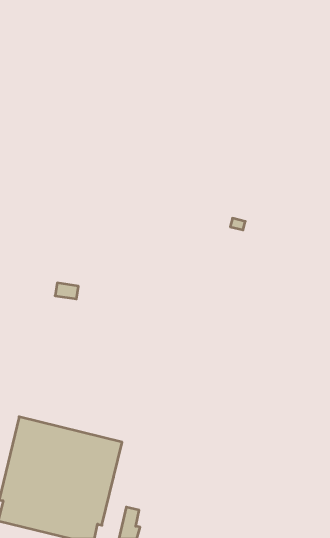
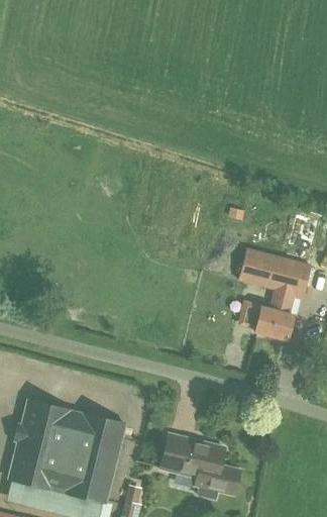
building: none -> [238,247,312,339]
building: none -> [160,433,239,499]

